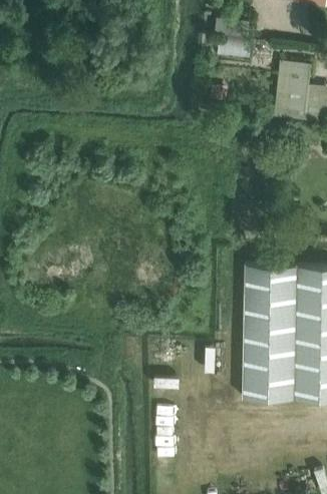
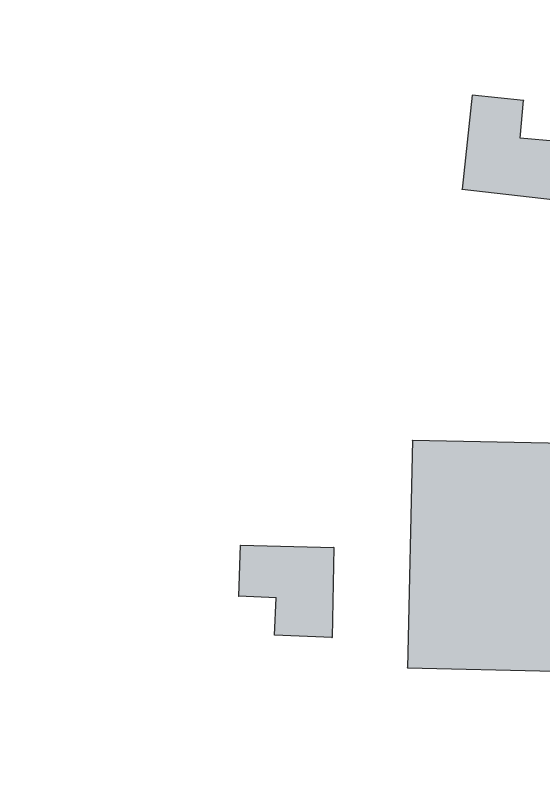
building: none -> [239,545,334,638]

